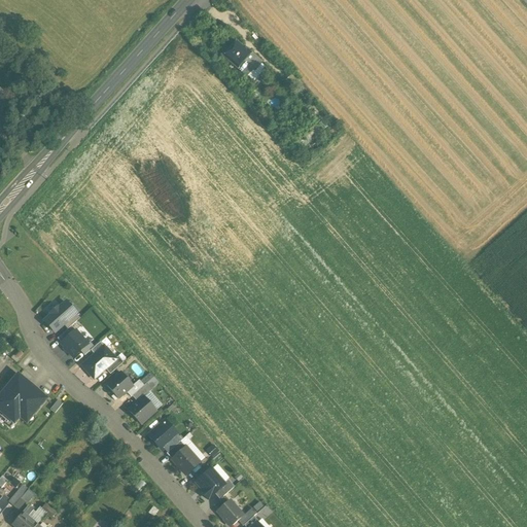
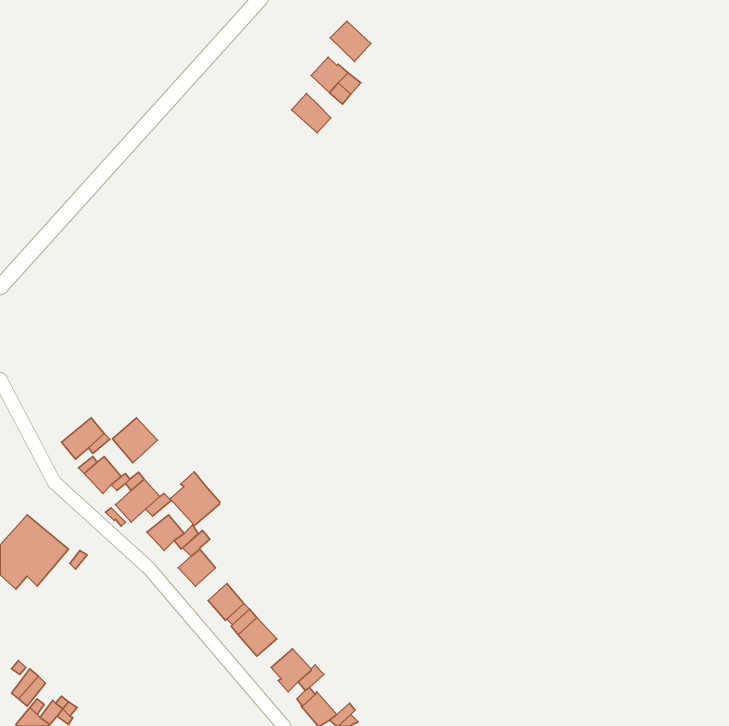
building: none -> [330,21,371,61]
building: none -> [292,93,331,133]
building: none -> [113,418,157,463]
building: none -> [170,472,220,525]

